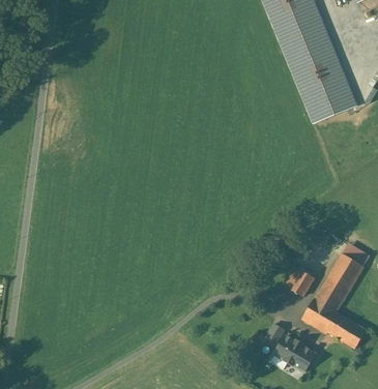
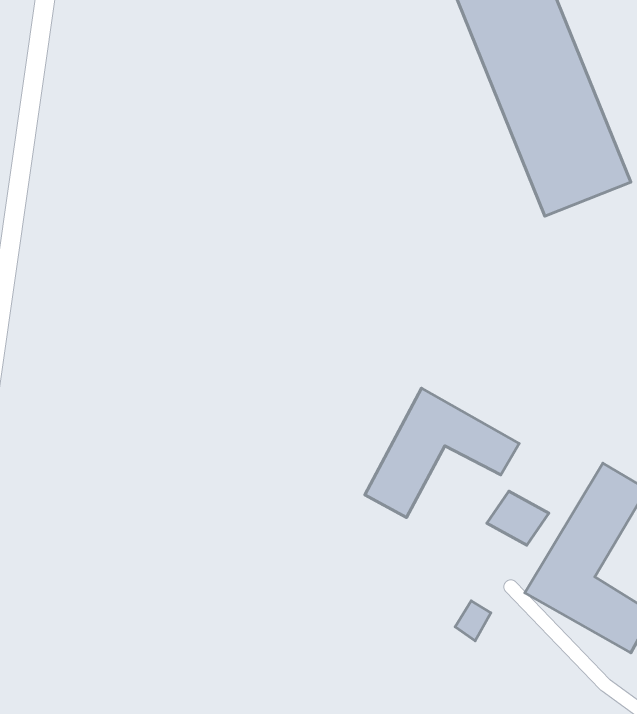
building: none -> [365,388,519,517]
building: [275,333,316,370] -> none

